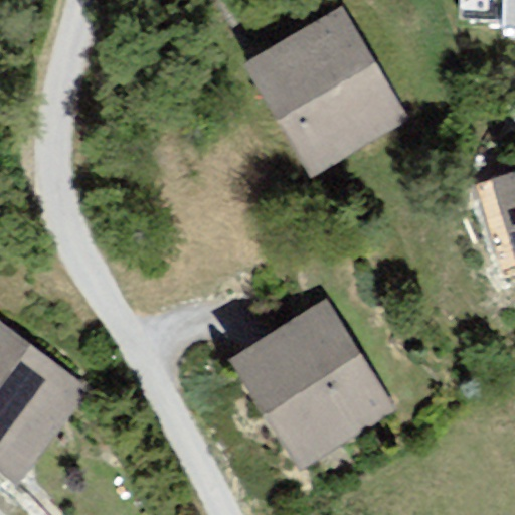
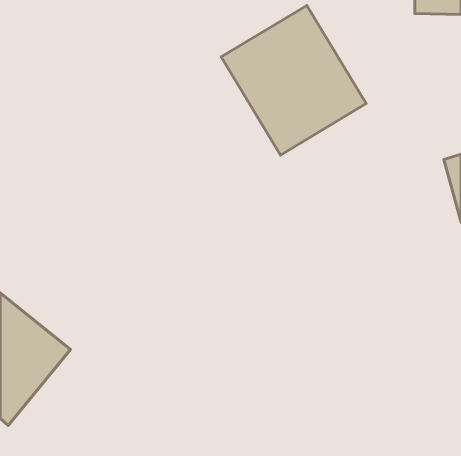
building: [226,304,386,471] -> none

